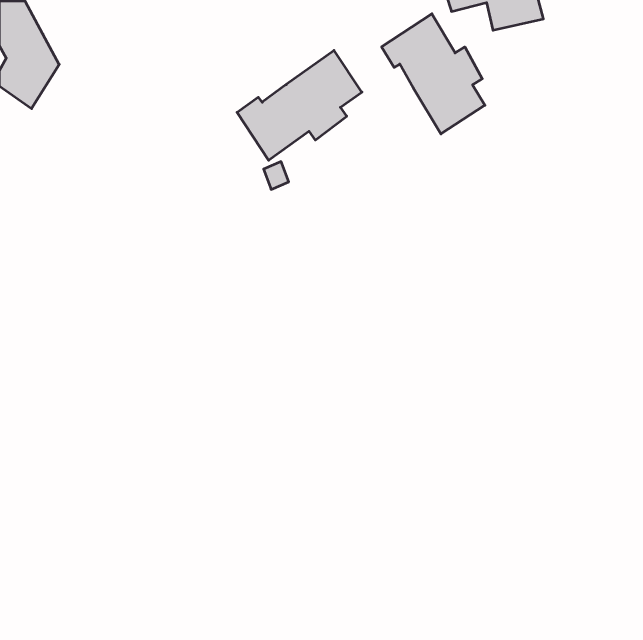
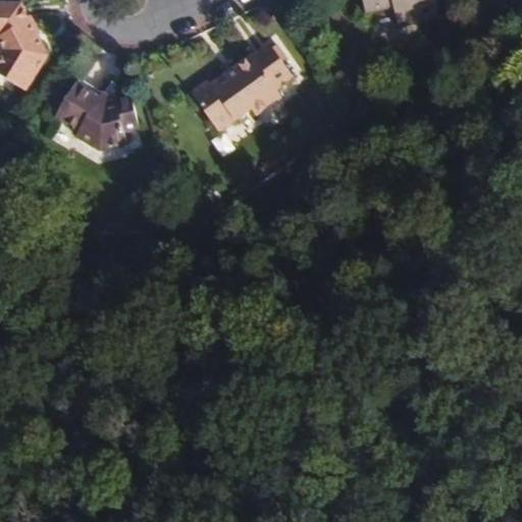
building: [382,14,485,134] -> none
building: none -> [55,83,139,147]

